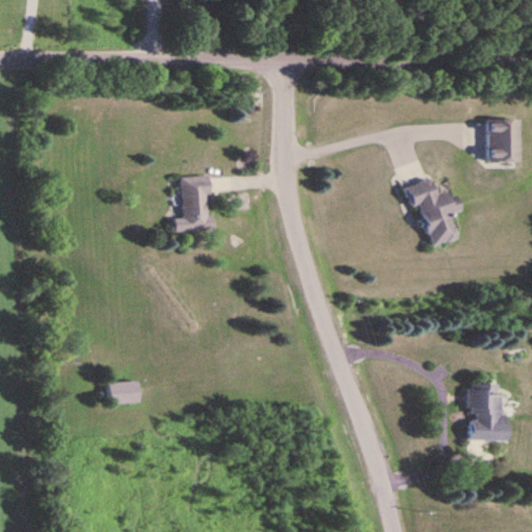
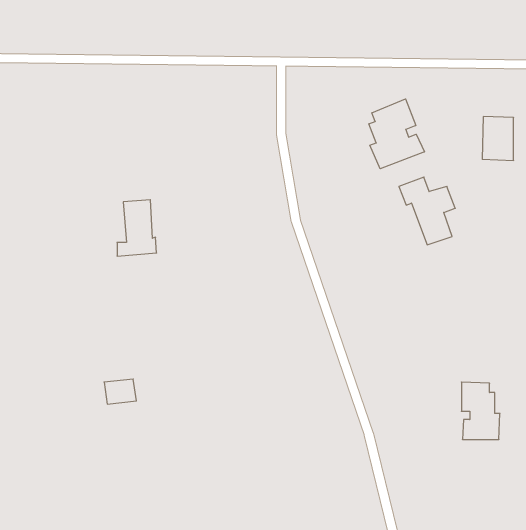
building: none -> [369,99,424,169]
building: [176,176,215,232] -> [117,200,157,256]

